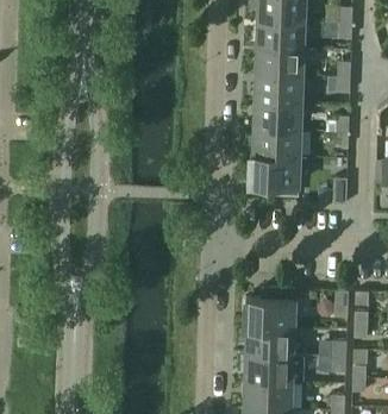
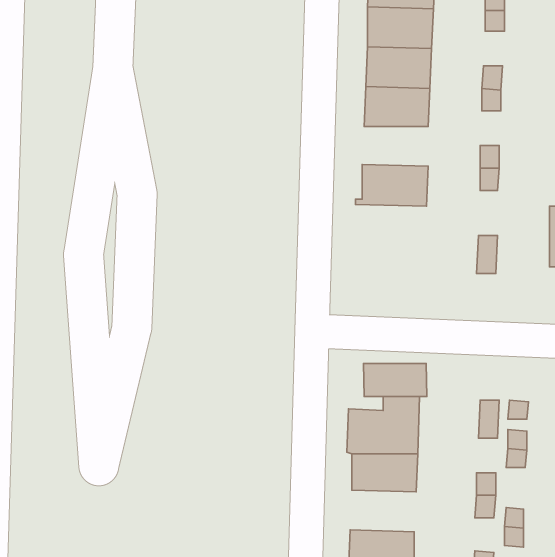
building: [255,105,300,132] -> none
building: [249,158,299,196] -> none
building: none -> [363,364,427,397]
building: [246,355,292,383] -> none

